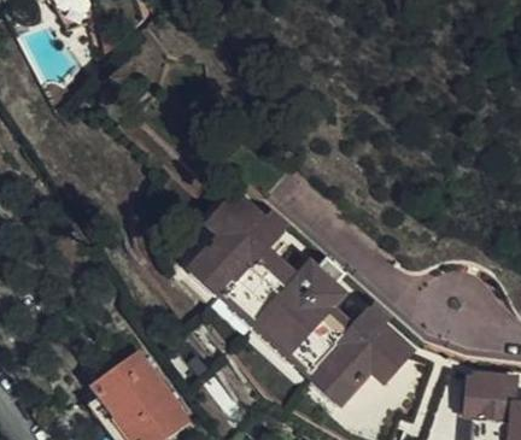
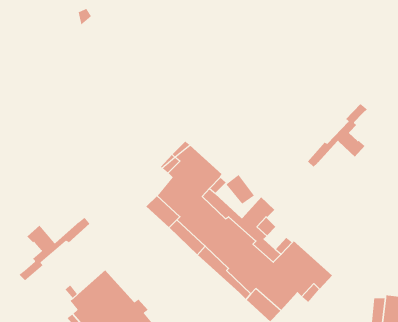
building: none -> [307,103,368,168]
building: none -> [19,217,90,281]

